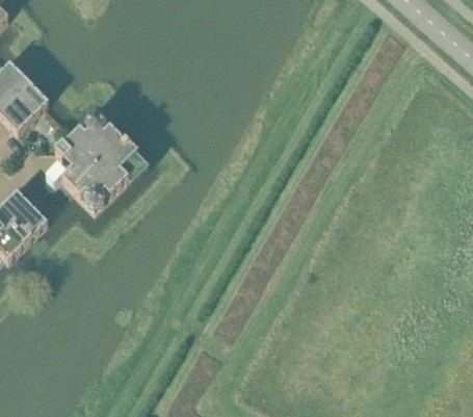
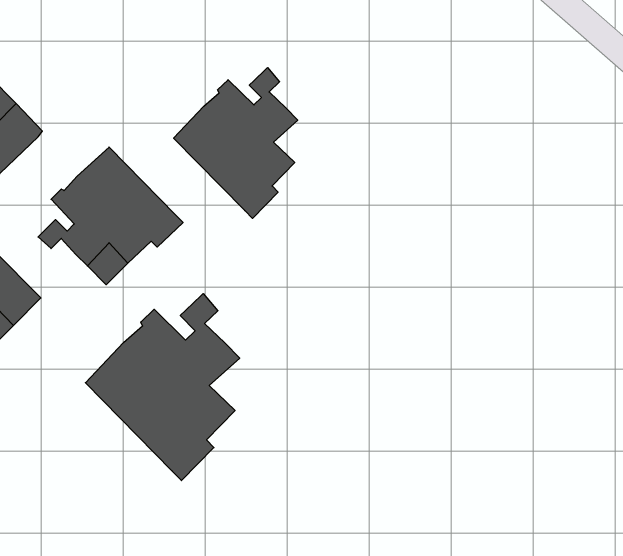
building: none -> [174,68,298,218]
building: none -> [85,294,240,481]

